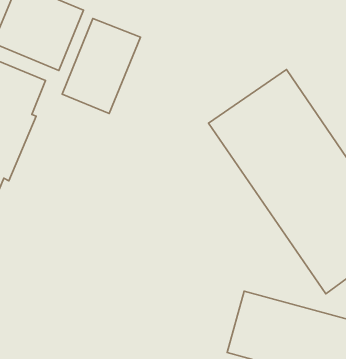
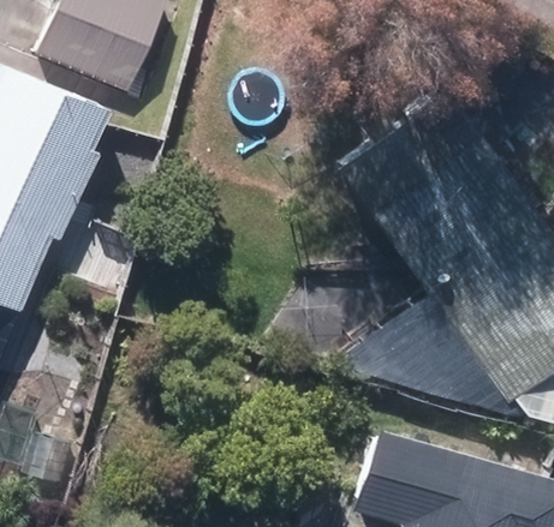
building: [62,19,141,114] -> none

